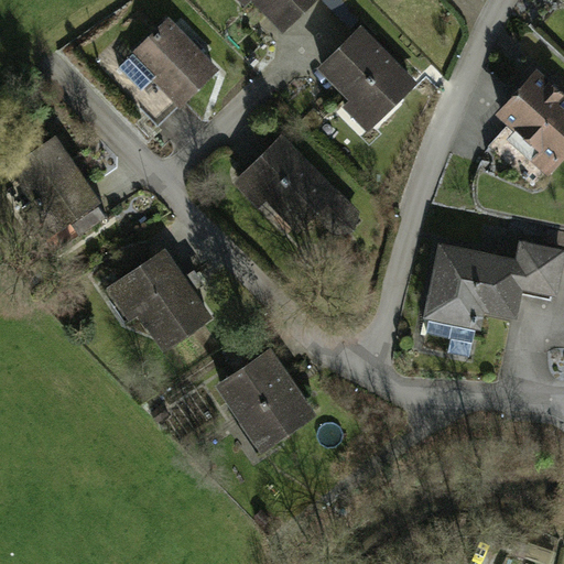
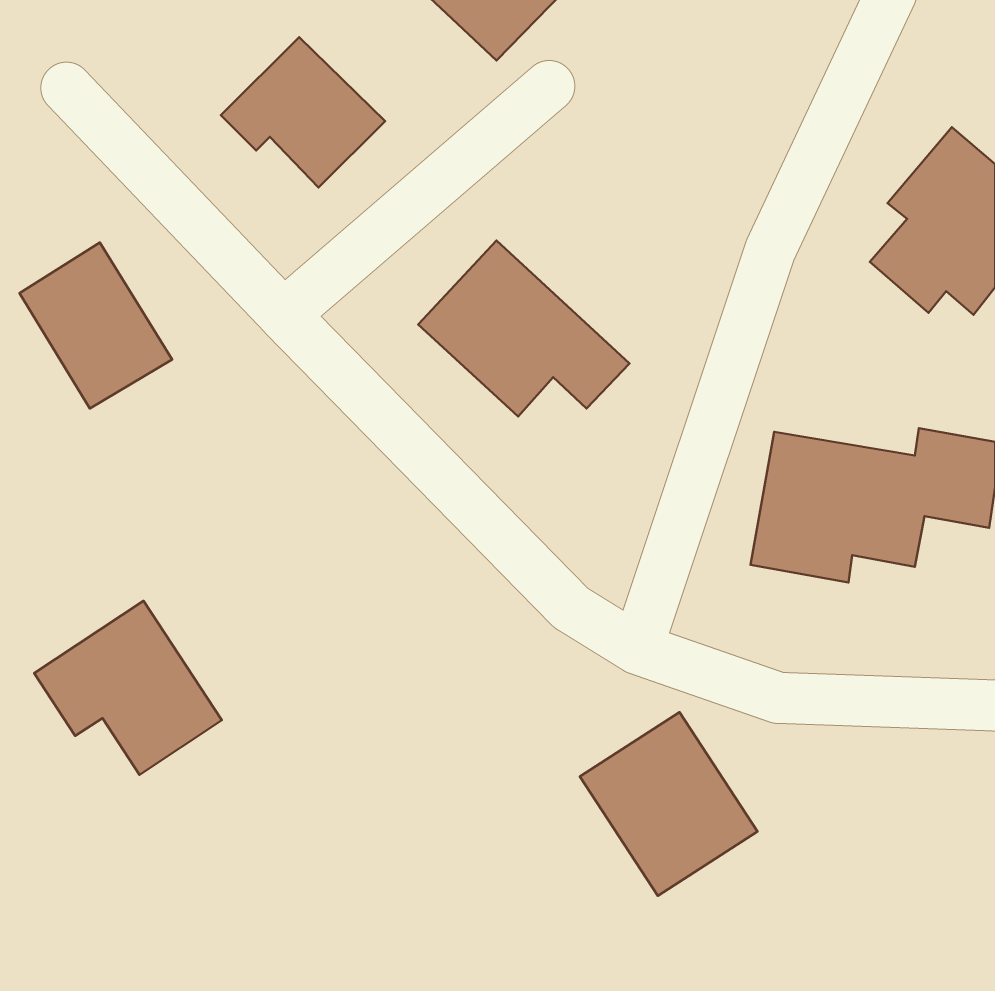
building: [323,33,415,133] -> none
building: [102,250,208,348] -> [34,601,222,775]
building: [215,349,315,453] -> [580,712,758,896]

